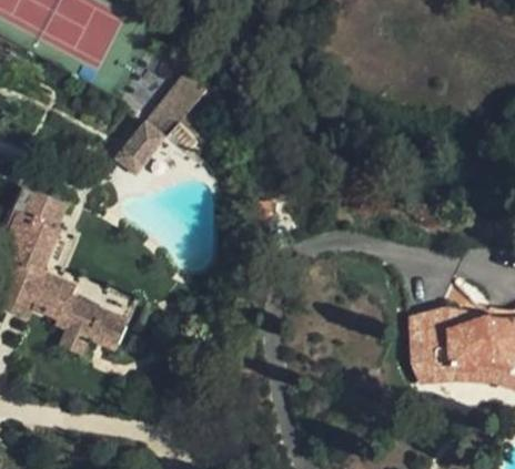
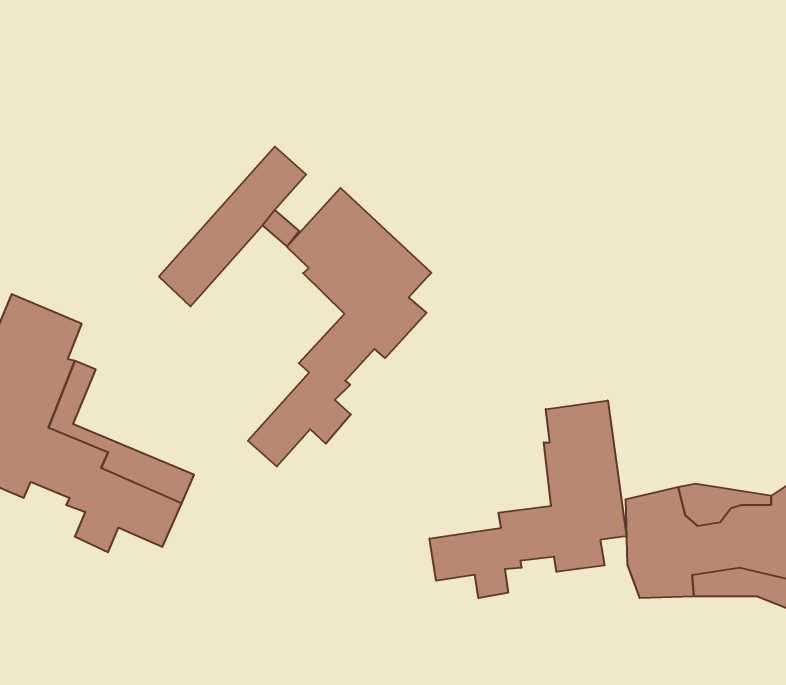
building: none -> [248,188,431,467]
building: none -> [430,400,626,598]

